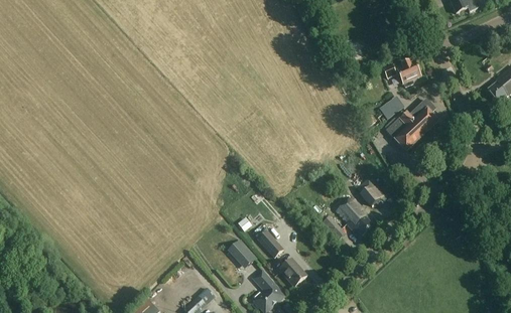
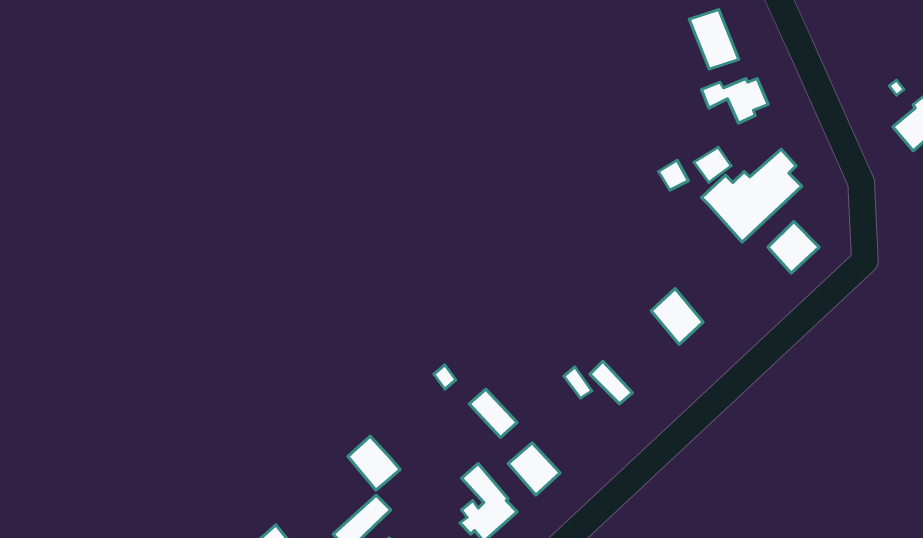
building: none -> [689,9,739,69]
building: none -> [768,222,819,273]
building: [335,195,372,237] -> none
building: [229,239,257,268] -> [348,436,400,490]

